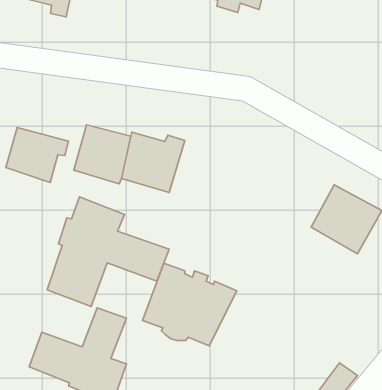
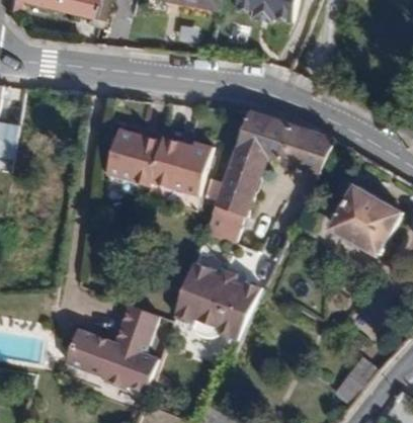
building: none -> [203,110,334,246]
building: [6,128,68,182] -> none
building: [47,197,169,306] -> none

